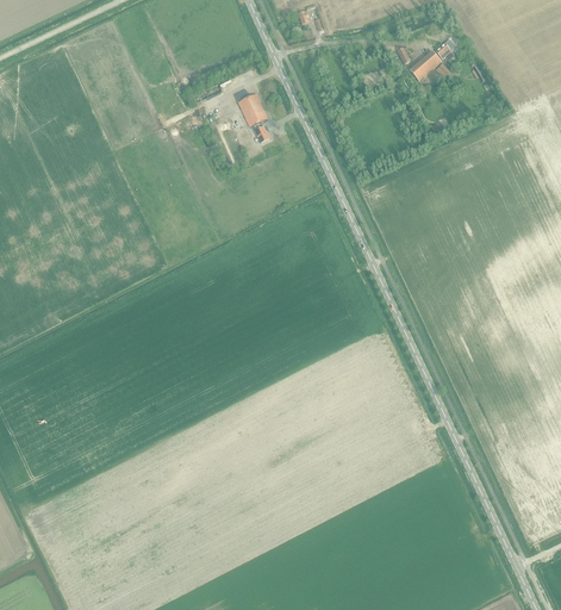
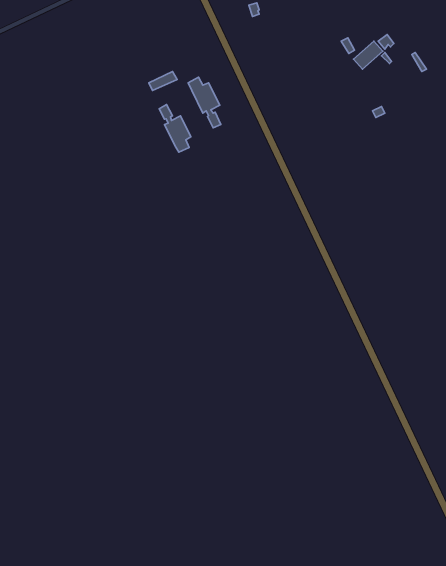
building: none -> [159,105,191,152]

